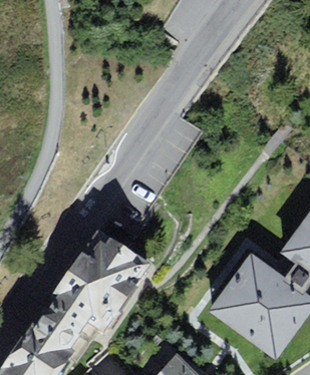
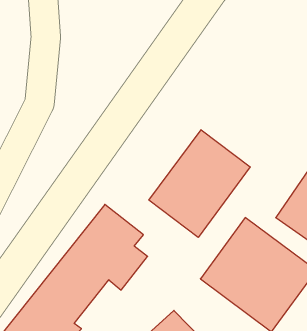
building: none -> [149,130,250,237]

